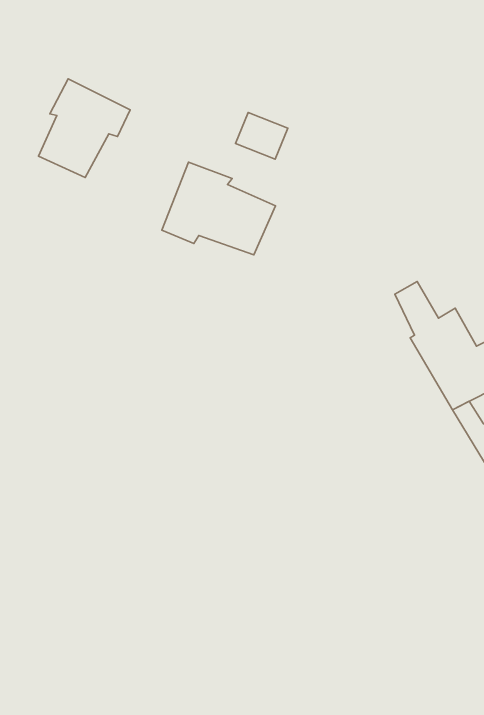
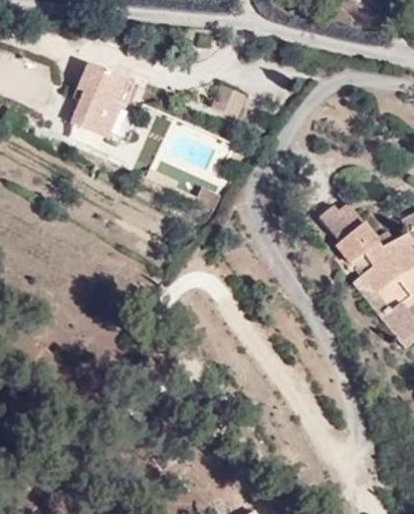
building: [162,162,276,255] -> none

